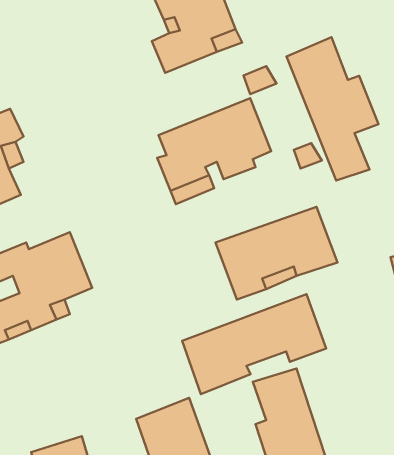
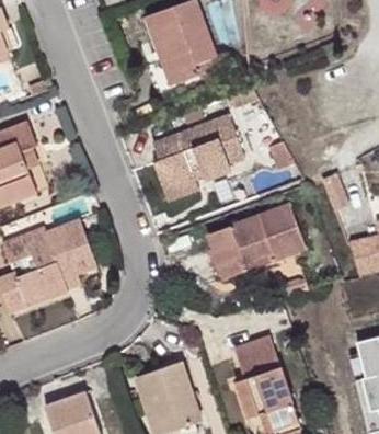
building: [287,37,378,181] -> none
building: [182,294,326,394] -> none

